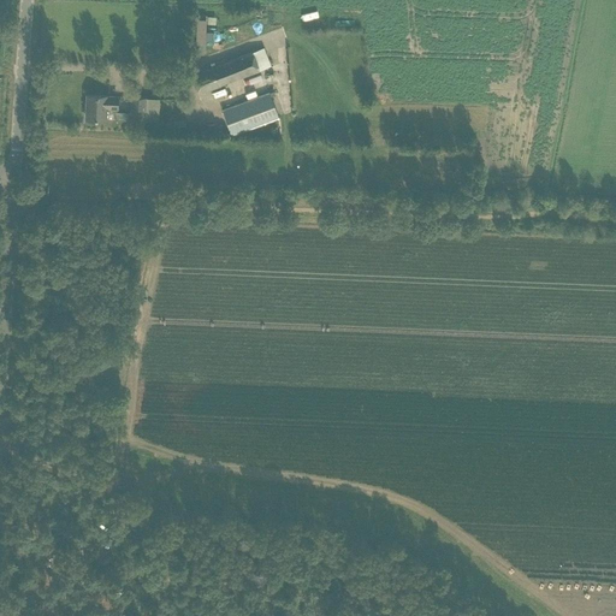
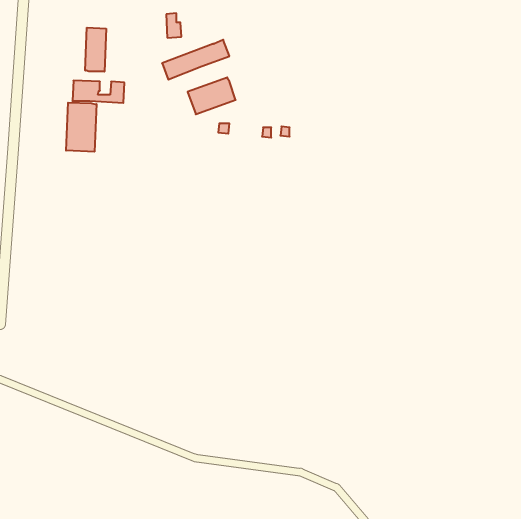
building: none -> [85,28,106,72]
building: none -> [66,103,96,152]

